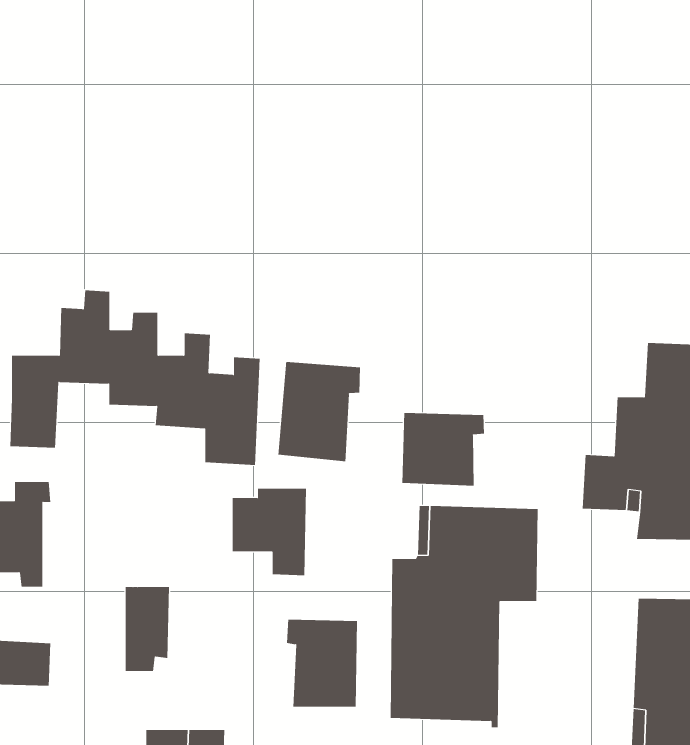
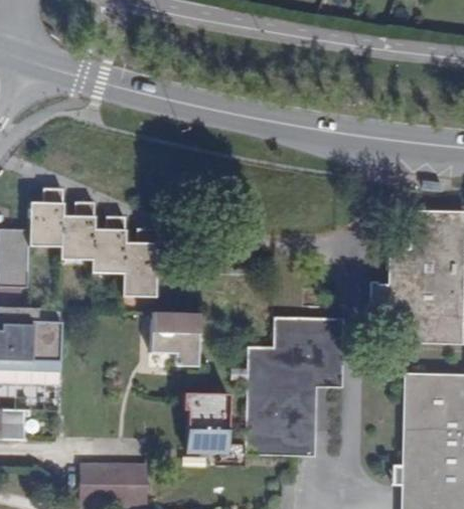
building: [278,361,361,462] -> none
building: [402,412,484,486] -> none
building: [125,587,170,671] -> [29,320,57,373]

